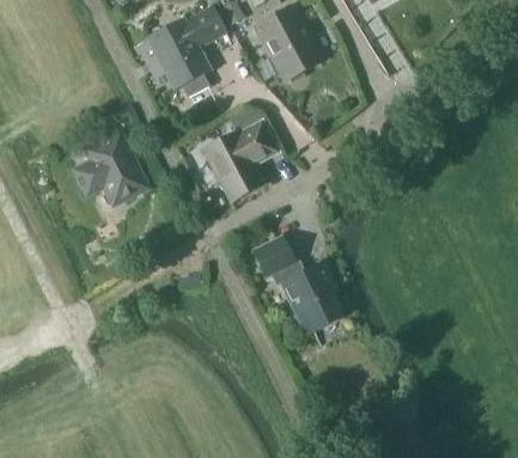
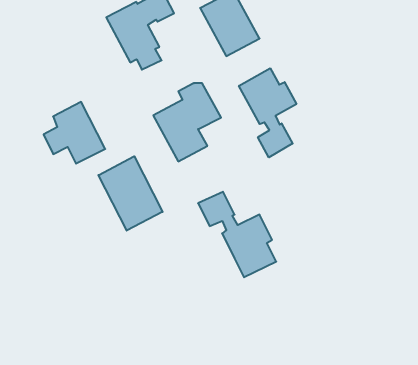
building: none -> [239,68,296,157]
building: none -> [98,156,163,231]

